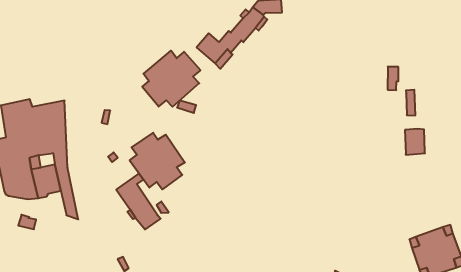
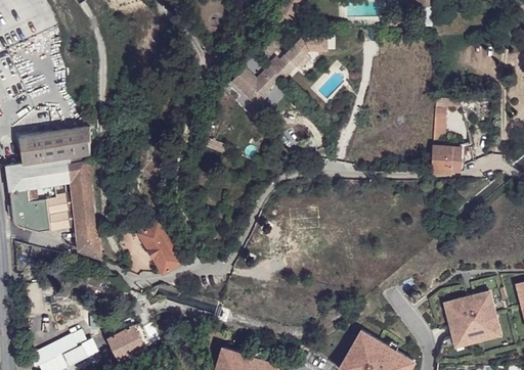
building: [142,51,200,107] -> none
building: [405,129,425,155] -> [430,146,451,173]
building: [130,133,185,189] -> none

